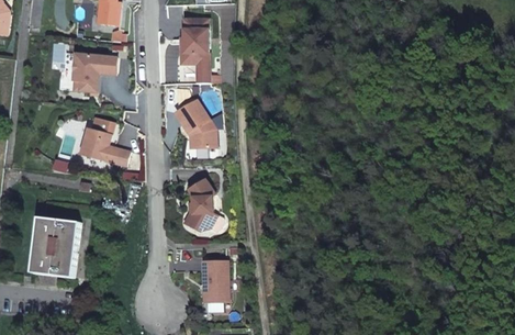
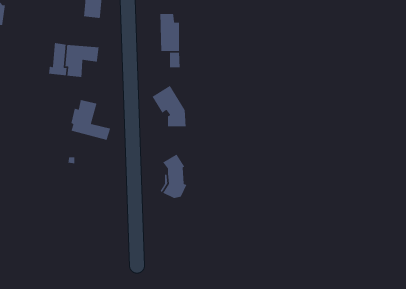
building: [34,215,80,275] -> none
building: [201,261,225,301] -> none

